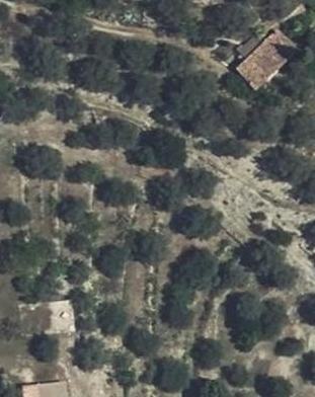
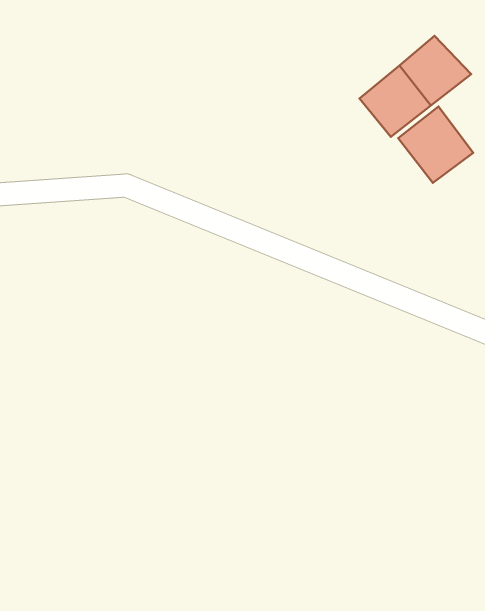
building: none -> [398,106,473,183]

